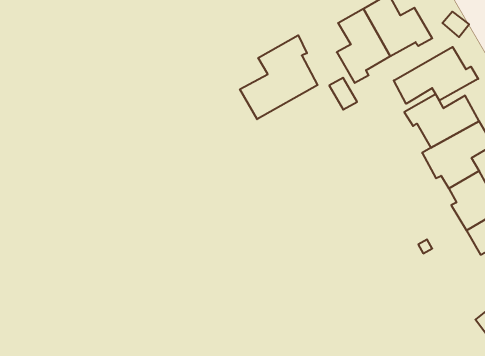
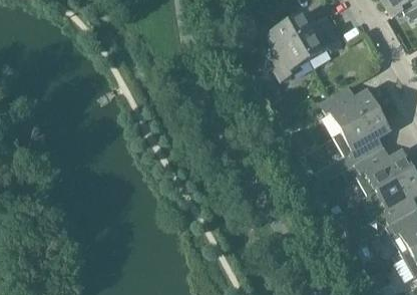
building: [240,35,318,119] -> none
building: [394,47,478,104] -> none

